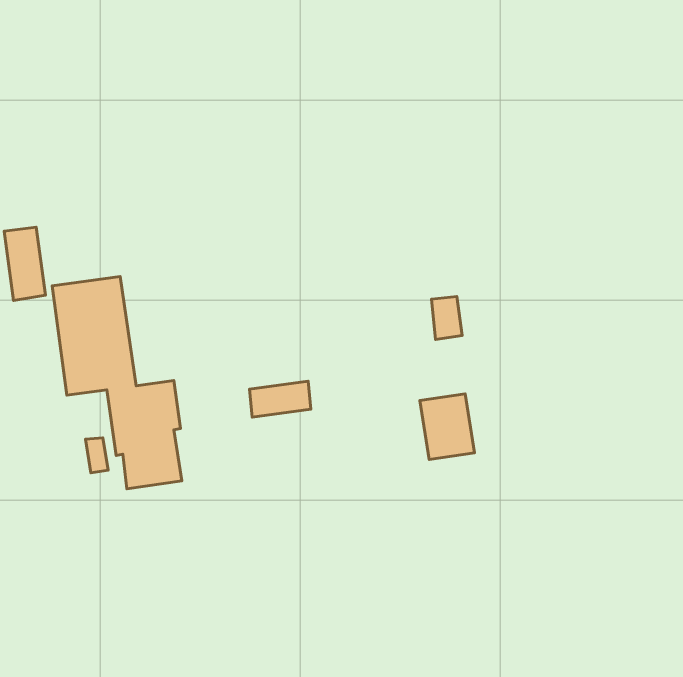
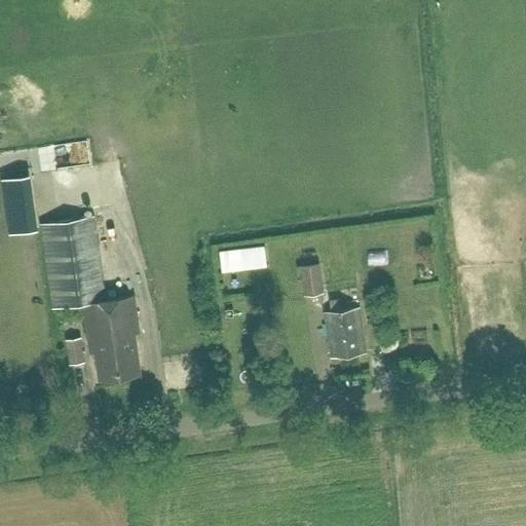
building: [432,297,462,339] -> [299,264,323,297]
building: [249,381,311,417] -> [219,248,266,275]

